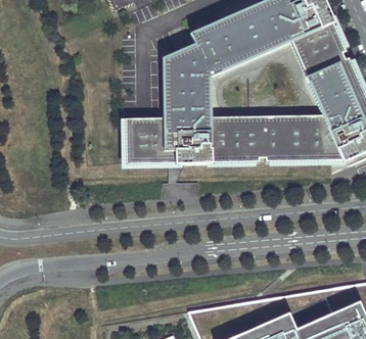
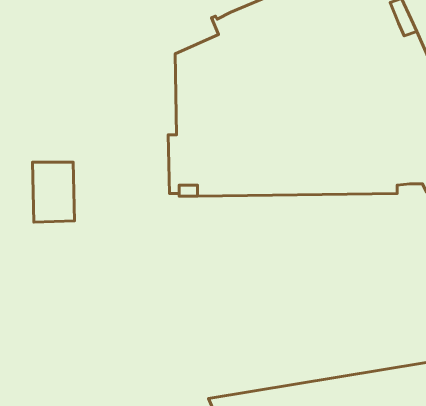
building: [130,119,161,163] -> [33,162,75,222]

